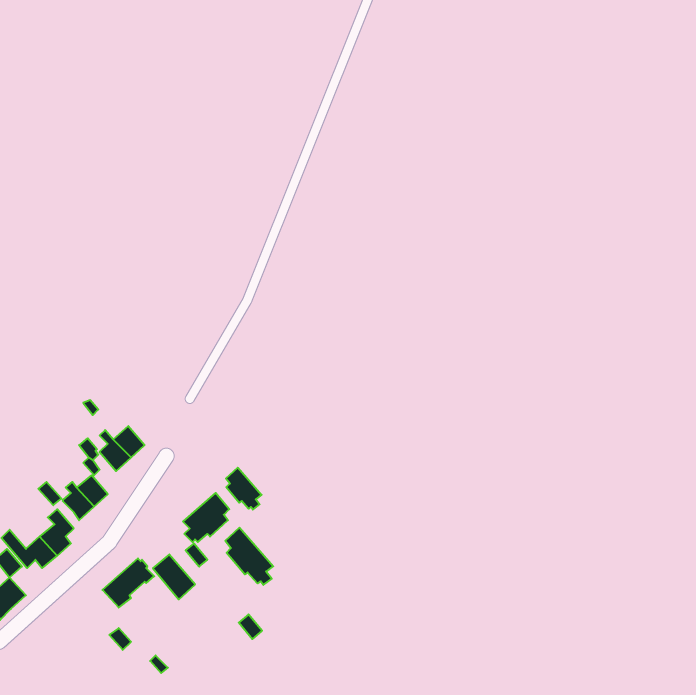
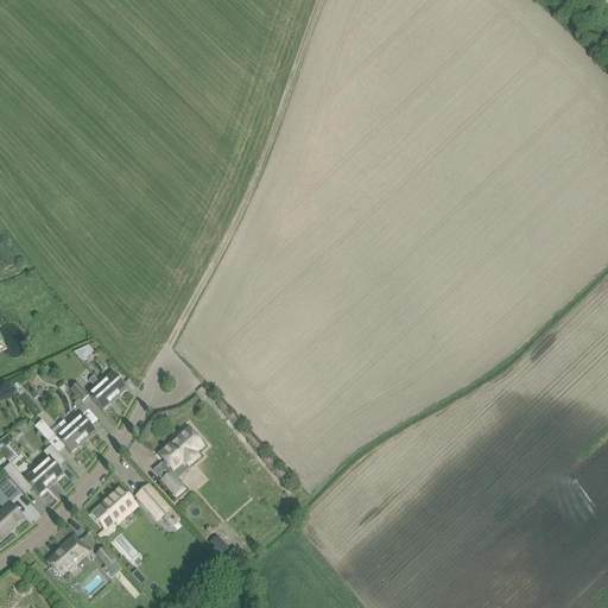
building: [226,468,262,510] -> none
building: [225,528,273,585] -> none
building: none -> [46,533,88,575]

